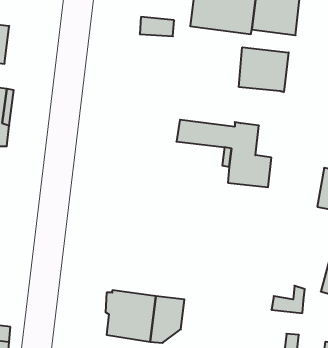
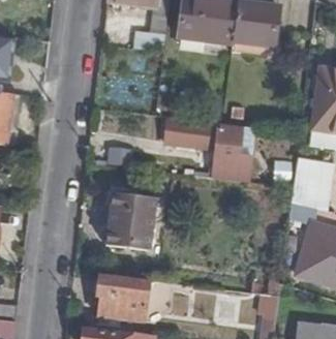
building: [239,47,289,92] -> none
building: none -> [106,193,156,250]

